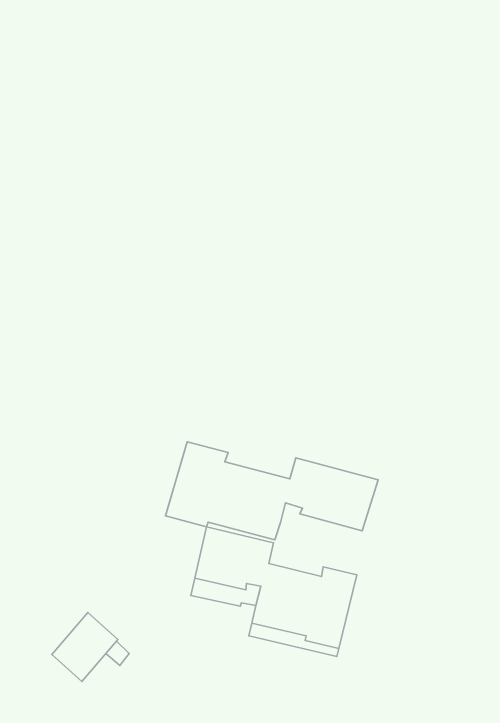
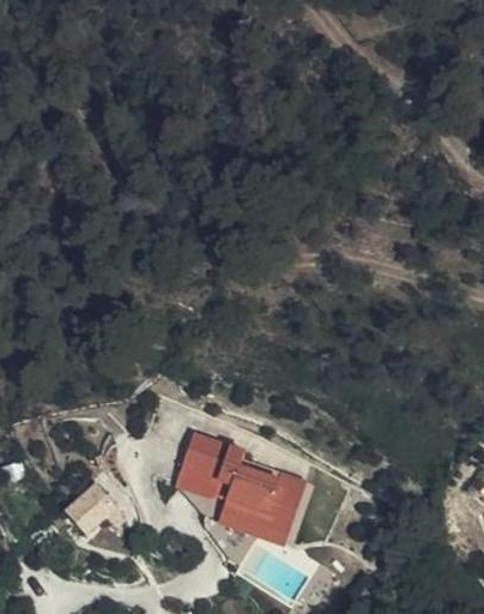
building: [165,442,378,540] -> none

